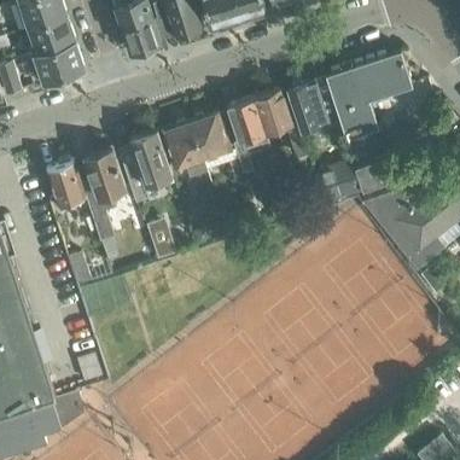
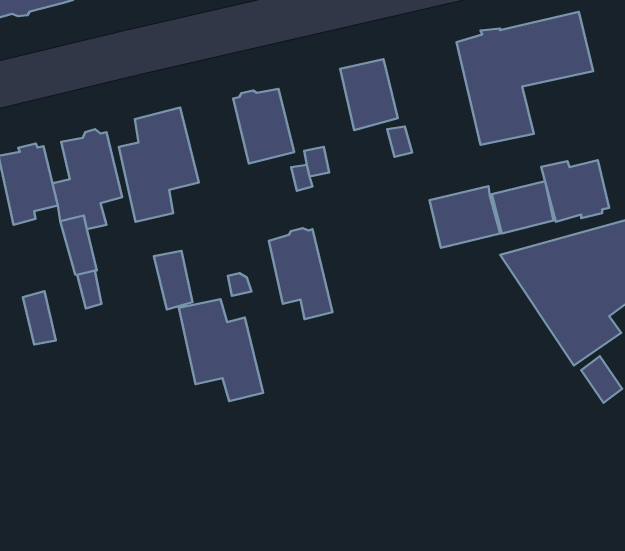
building: [287,83,328,132] -> none
building: [228,100,270,153] -> none
building: [163,124,206,181] -> [269,228,332,319]
building: none -> [541,160,609,222]
building: none -> [179,299,263,401]

